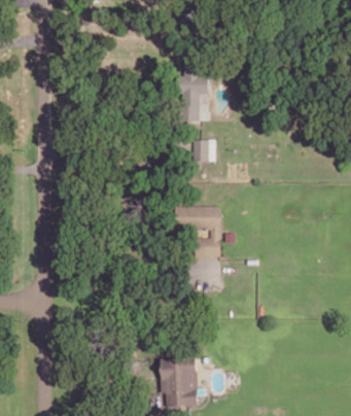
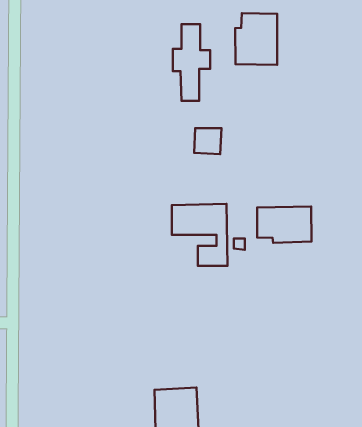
building: none -> [235,13,277,65]
building: none -> [257,207,311,243]

